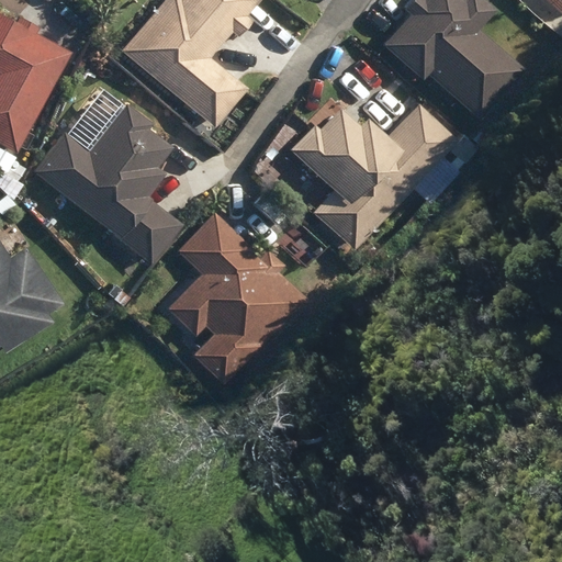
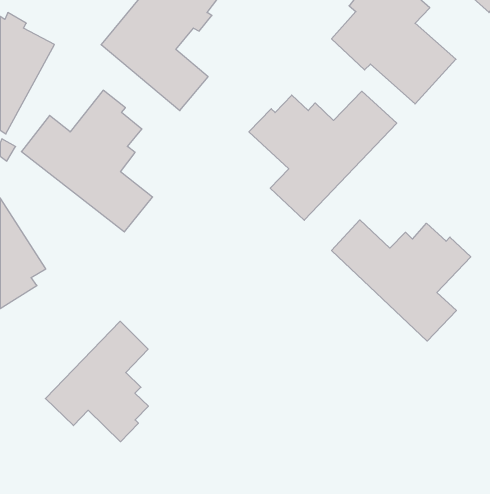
building: [167,212,307,383] -> none
building: none -> [332,220,471,341]
building: none -> [45,321,148,442]

